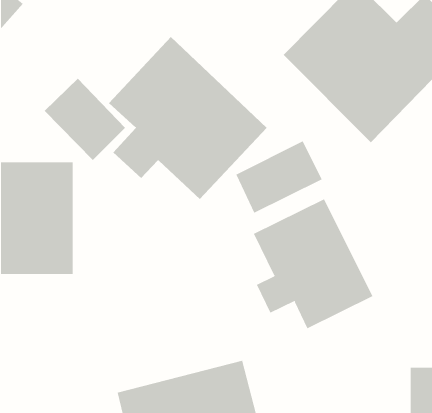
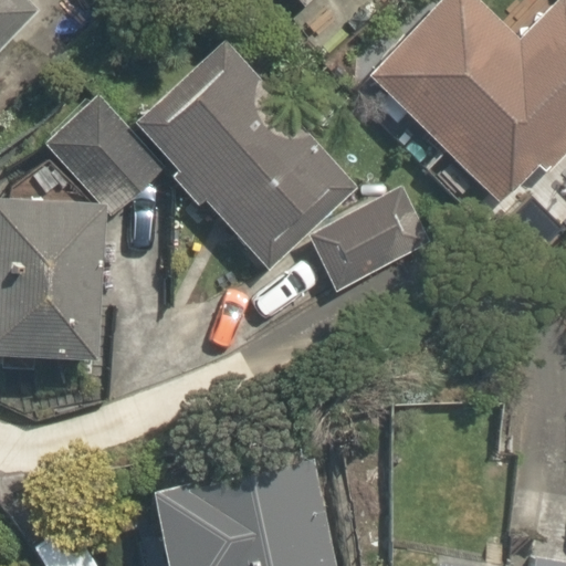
building: [253,198,373,329] -> none

